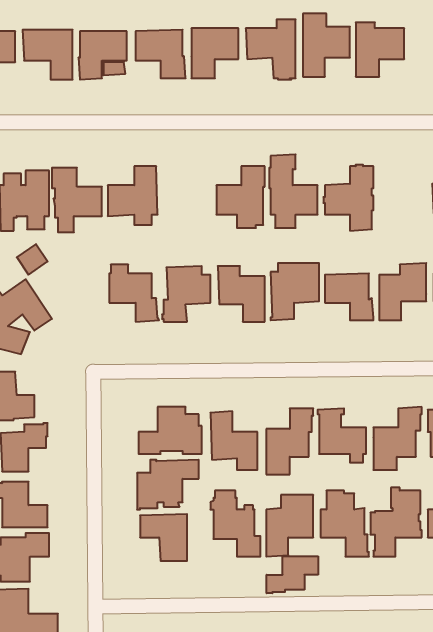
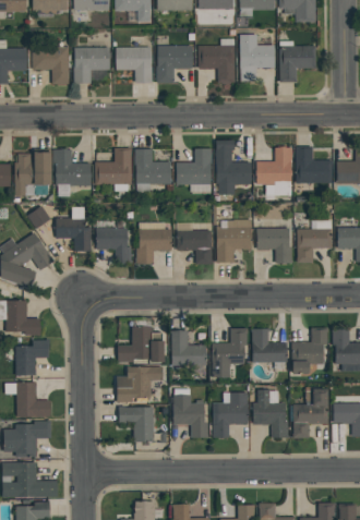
building: none -> [296,146,332,183]
building: none -> [134,149,171,184]
building: none -> [56,207,92,251]
building: [267,556,318,593] -> none

